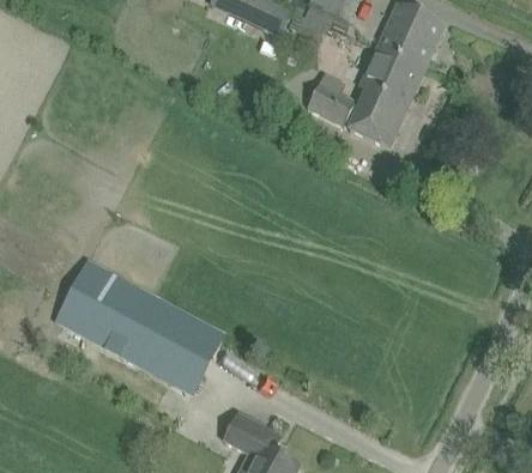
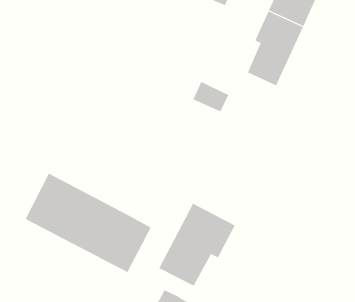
building: [306,84,353,125] -> [193,81,229,112]
building: none -> [159,203,236,287]

